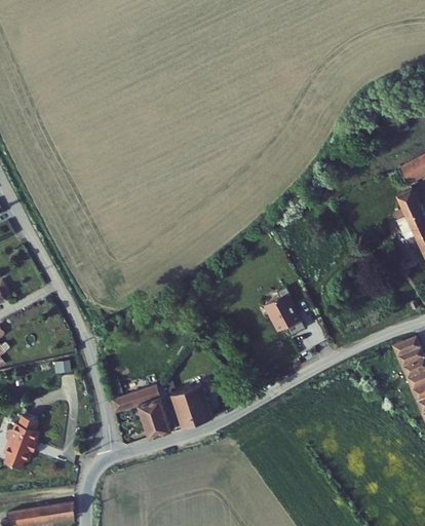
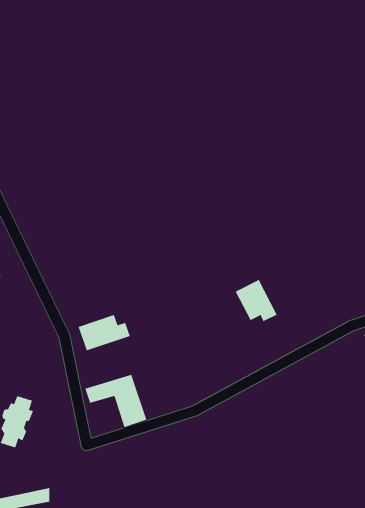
building: none -> [78,314,130,351]
building: [169,389,209,431] -> none

